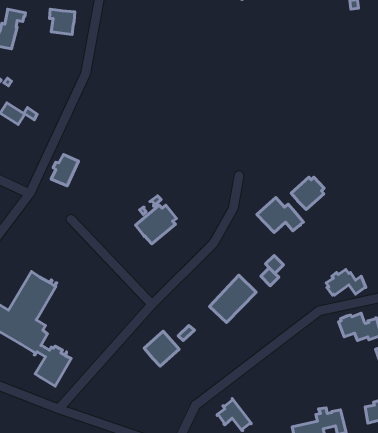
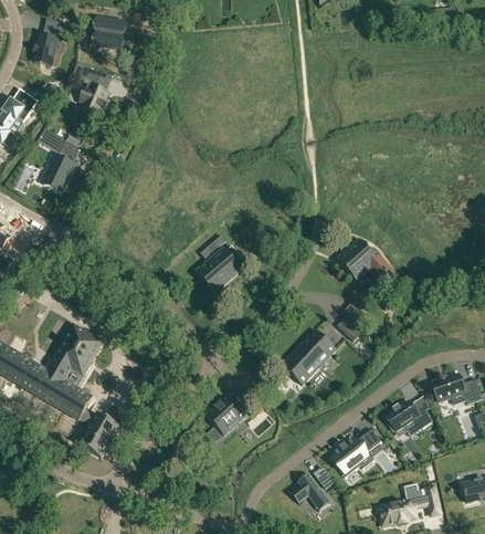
building: none -> [78,66,106,116]
building: [51,154,79,186] -> [42,156,74,192]
building: [291,177,324,210] -> none
building: [326,270,366,295] -> [384,401,431,431]
building: none -> [331,429,380,474]

